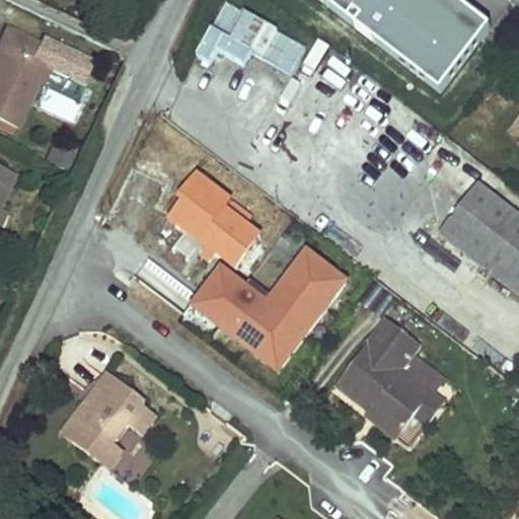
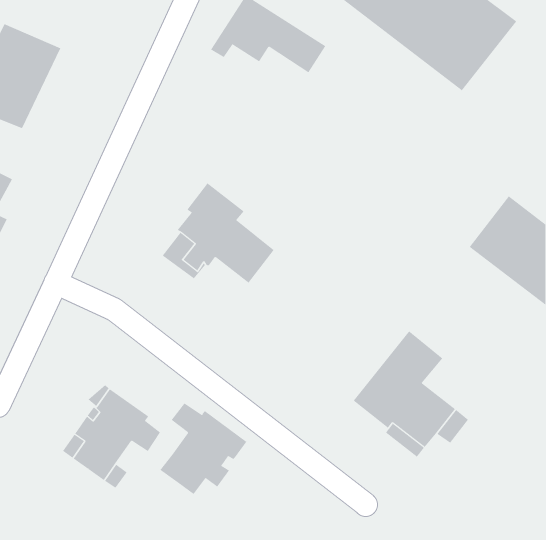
building: [195,249,349,373] -> none
building: none -> [160,403,247,495]

